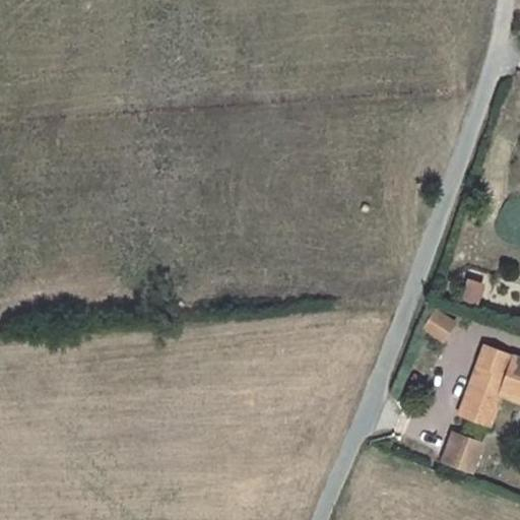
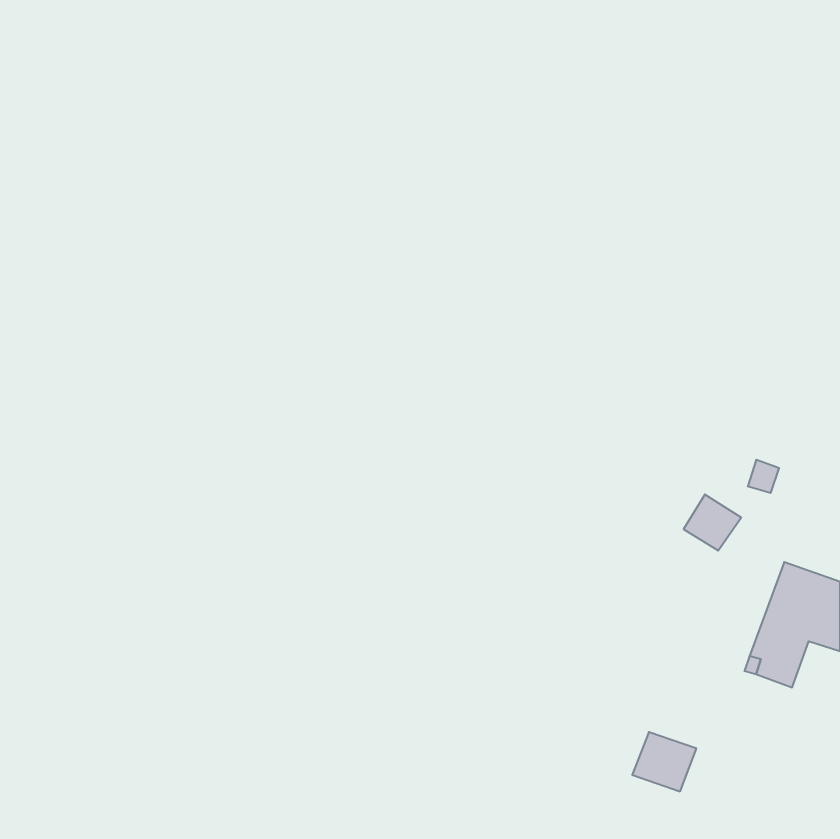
building: [442,433,481,469] -> [632,732,696,791]

